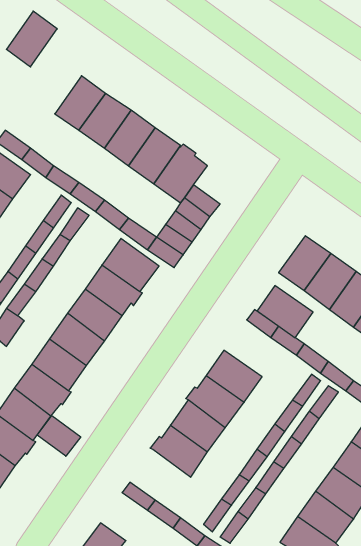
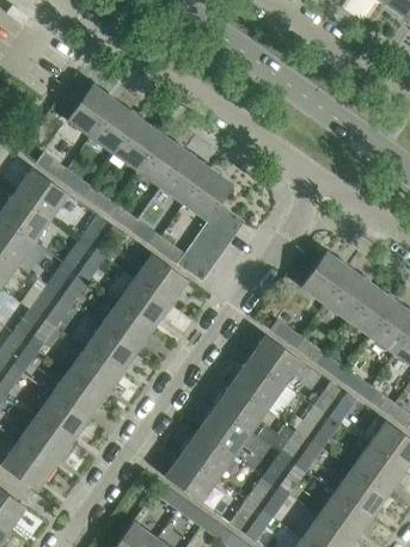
building: [6,11,57,67] -> [67,85,115,137]
building: [257,286,313,338] -> [249,336,301,385]
building: [37,416,81,456] -> none
building: none -> [165,453,218,503]

